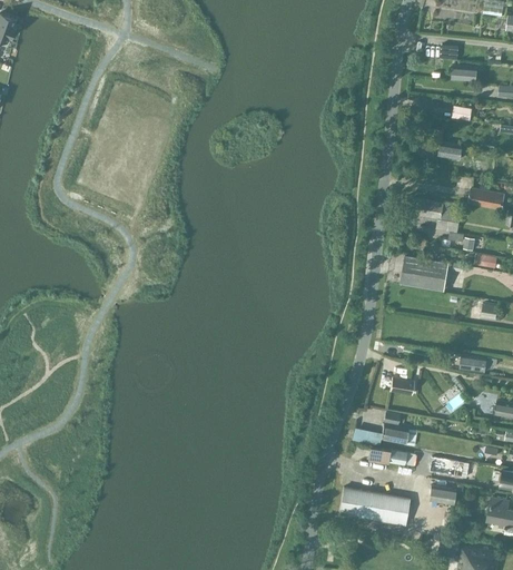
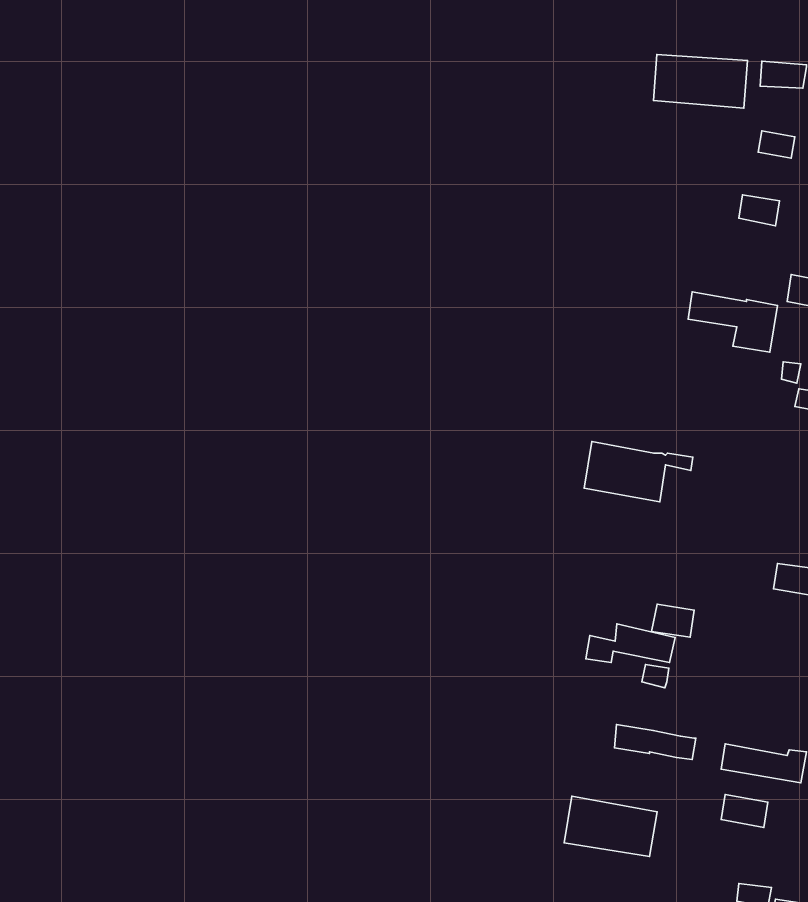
building: none -> [654,55,748,108]
building: [399,255,462,289] -> [584,442,693,502]
building: [365,423,416,445] -> [586,624,675,663]
building: [387,495,408,524] -> none

